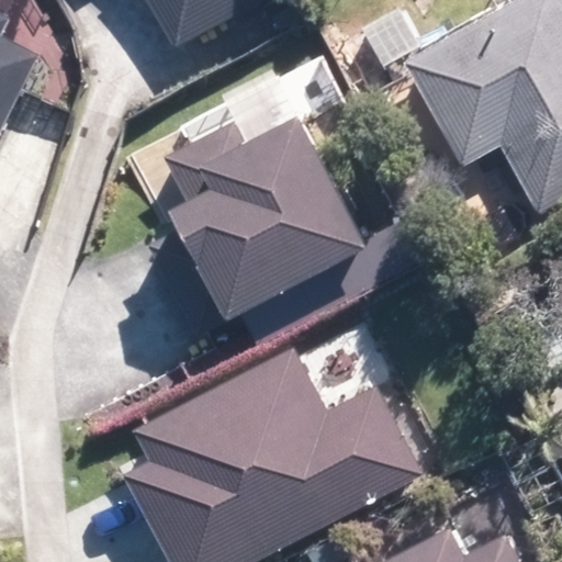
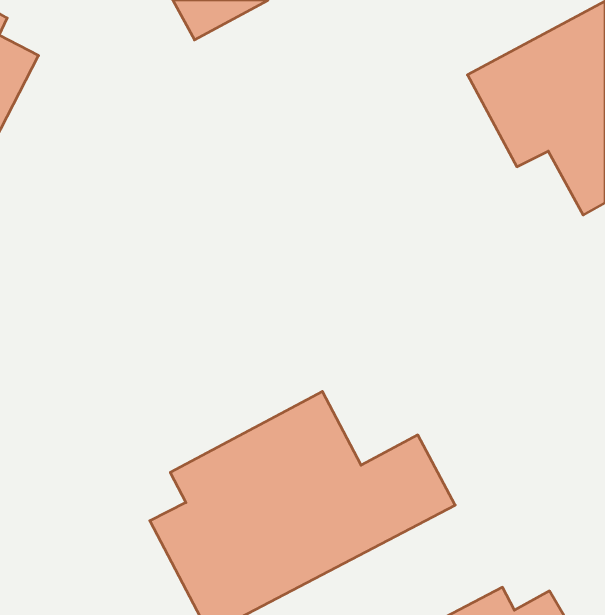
building: [162,105,363,319] -> none

